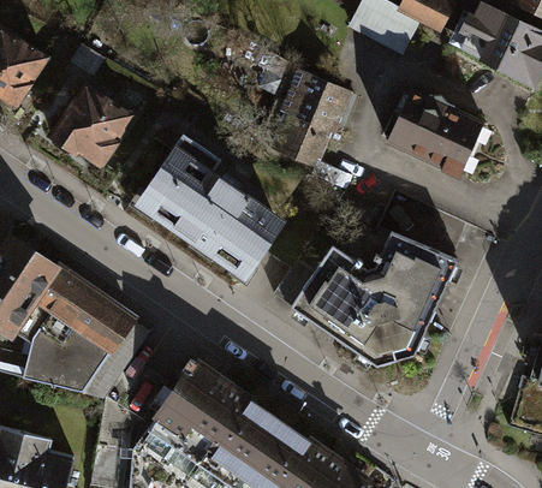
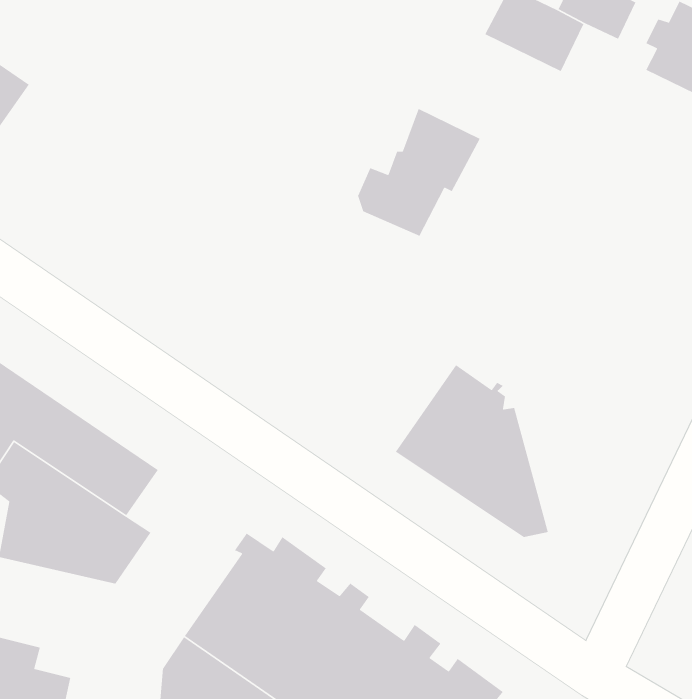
building: [50,85,130,163] -> none
building: [386,89,483,174] -> none
building: [143,136,278,268] -> none
building: [371,231,457,361] -> none

